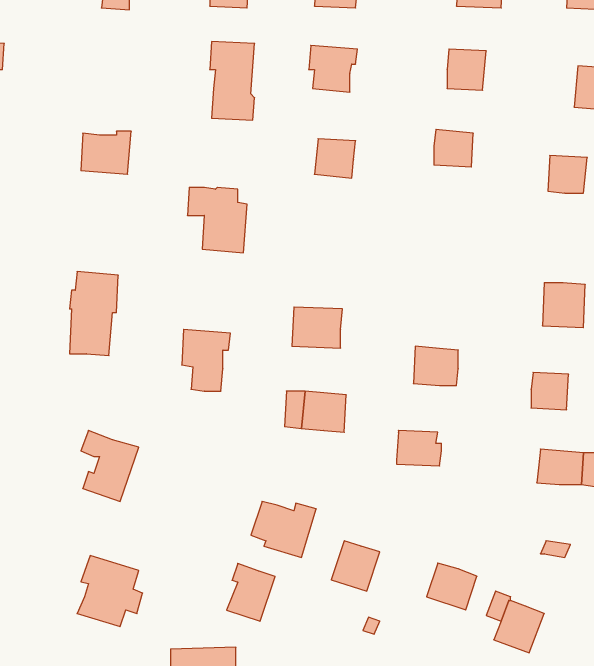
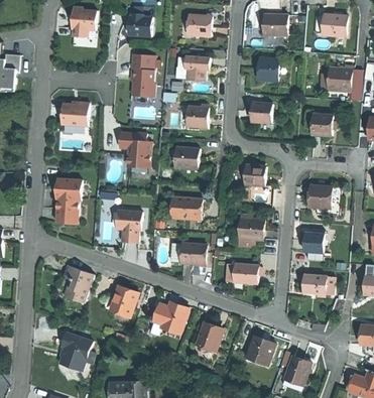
building: none -> [173,146,199,169]
building: none -> [244,161,265,184]
building: [227,563,275,621] -> [111,284,137,315]

